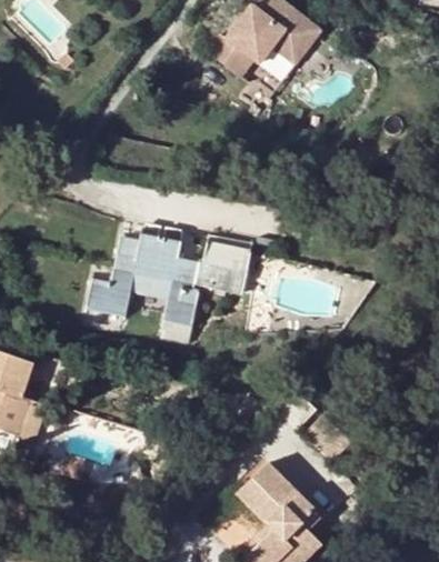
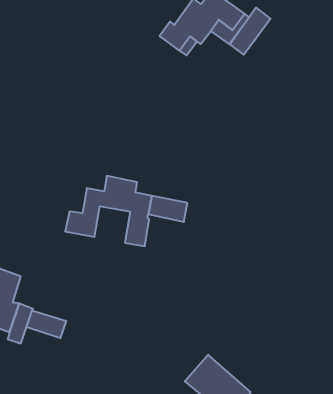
building: none -> [230,8,271,55]
building: [199,238,247,269] -> none
building: none -> [27,310,66,338]

